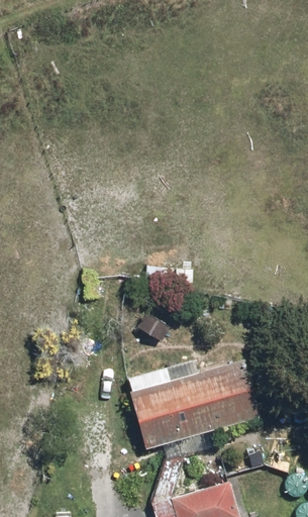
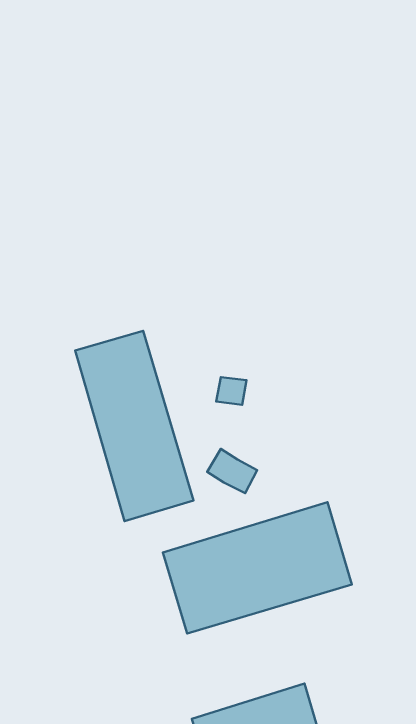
building: none -> [75,331,193,521]

